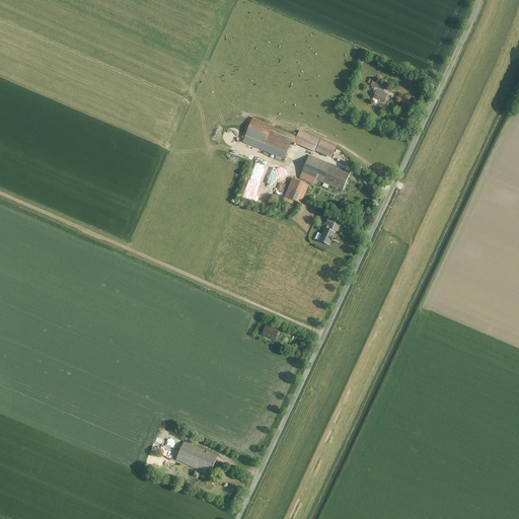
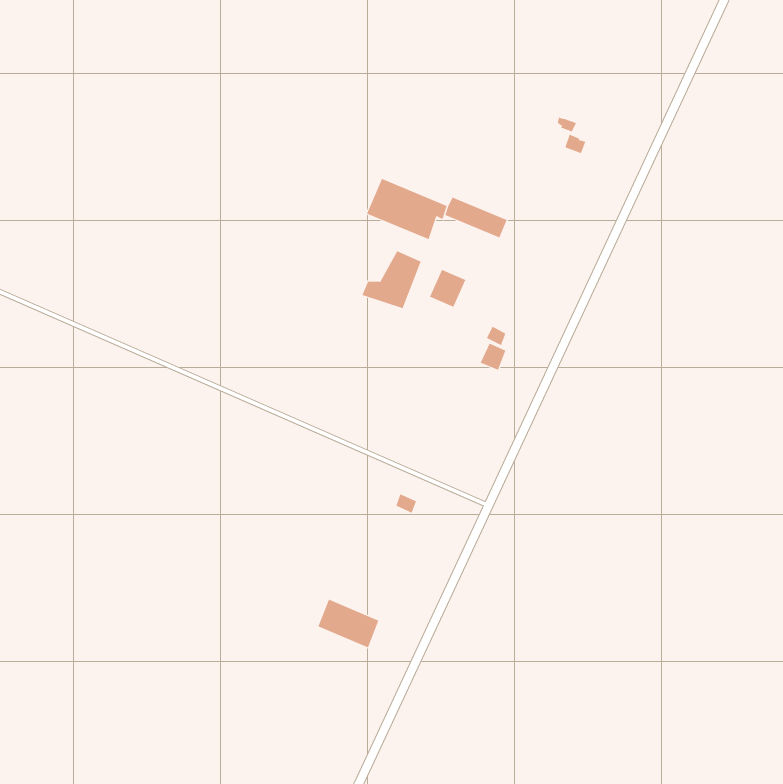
building: [297,153,350,190] -> none
building: [175,441,216,473] -> [318,599,379,648]

